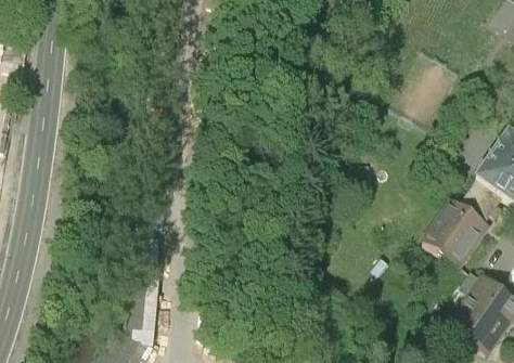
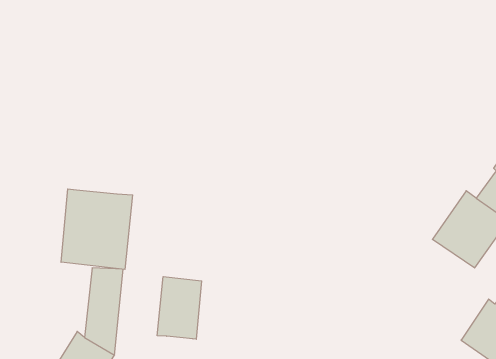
building: none -> [61,189,133,269]
building: none -> [157,277,202,339]

